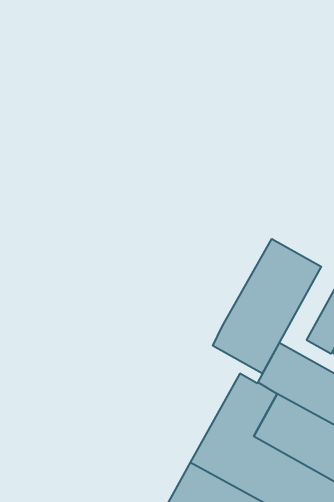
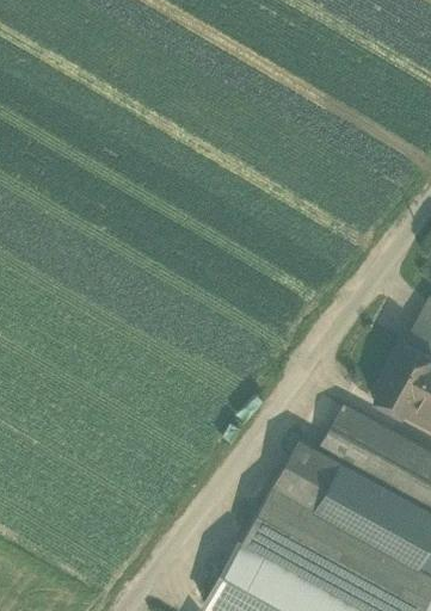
building: [213,239,321,374] -> none

